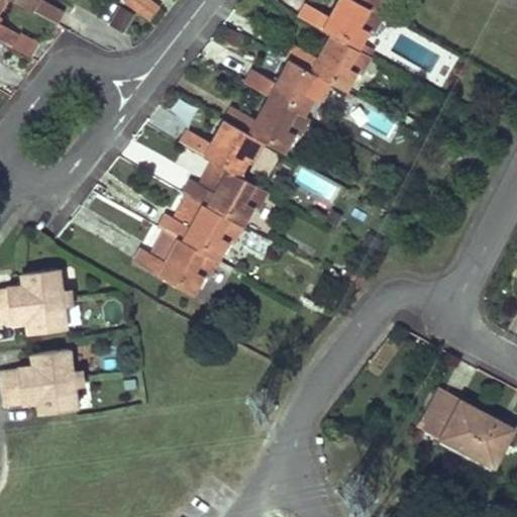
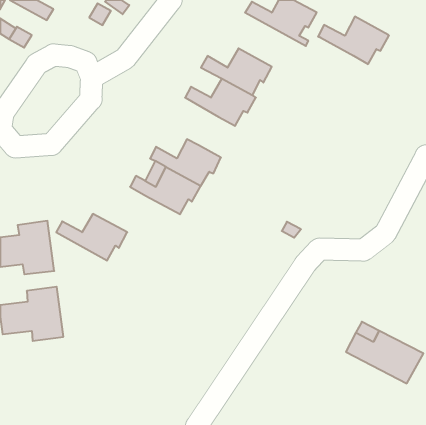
building: [286,34,372,92] -> [318,17,389,64]
building: [179,119,265,177] -> none
building: [132,238,218,295] -> [56,214,127,261]

